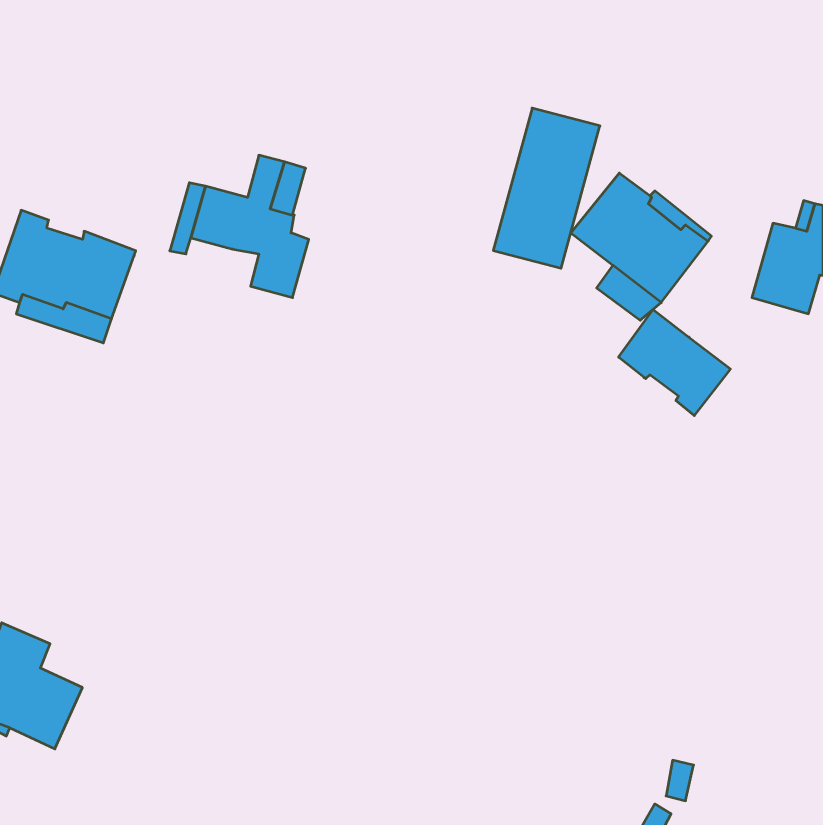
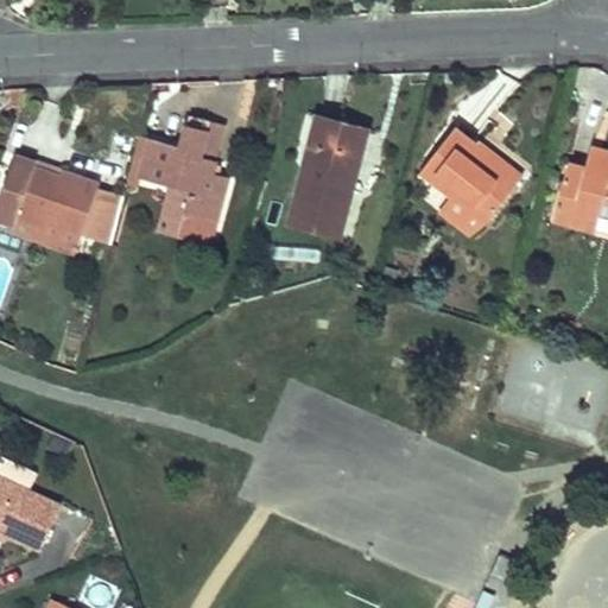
building: [493,108,600,268] -> [289,119,367,236]
building: none -> [158,184,215,243]
building: none -> [82,189,121,243]
building: [619,310,730,416] -> none

